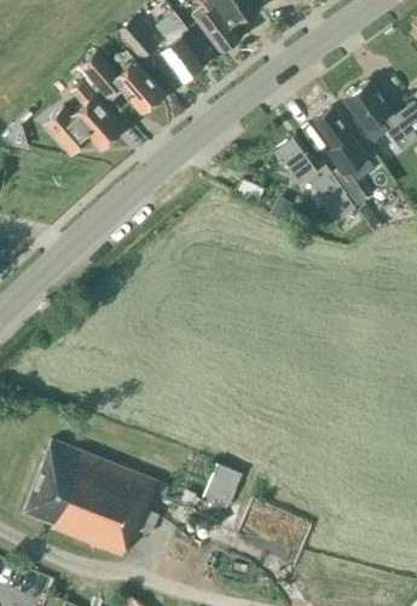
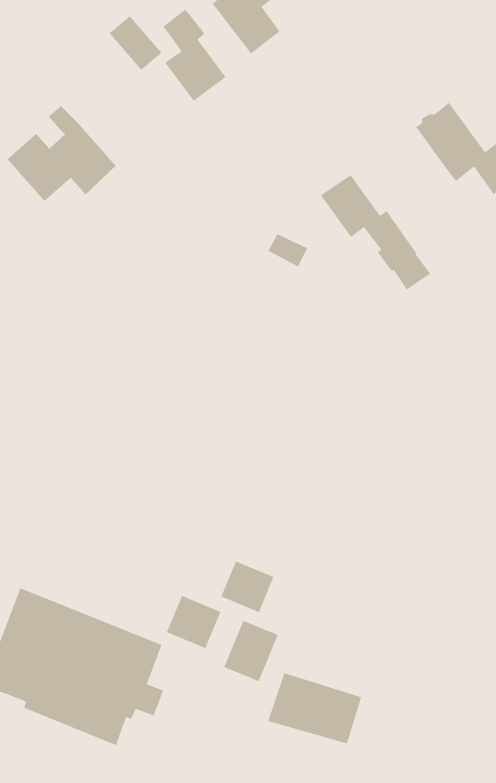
building: [80,50,164,114] -> none
building: [314,109,369,208] -> none
building: none -> [220,560,275,613]
building: none -> [166,595,222,649]

